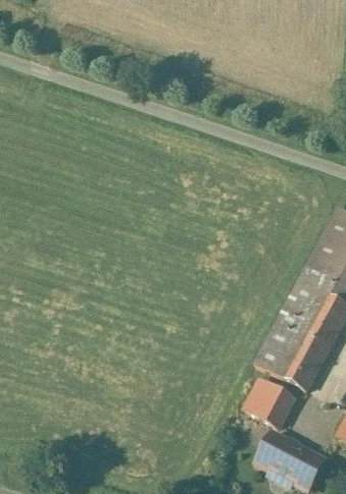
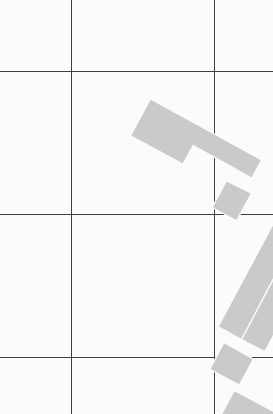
building: none -> [131,99,261,178]
building: none -> [212,181,252,221]

